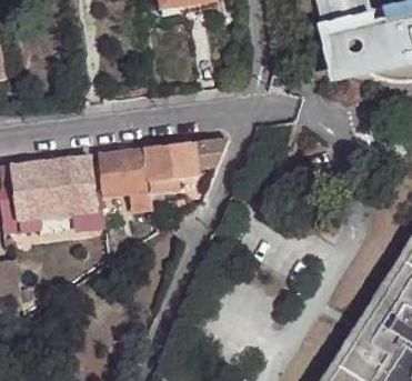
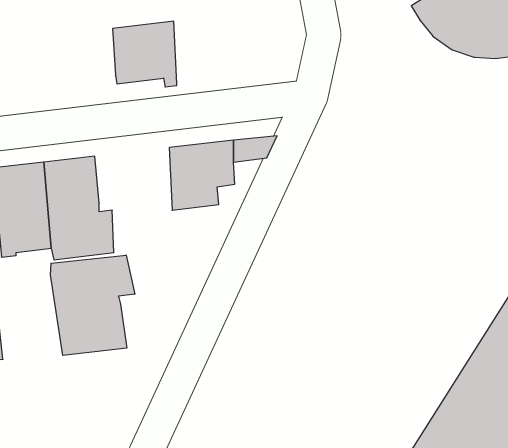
building: [97,149,145,199] -> [113,21,177,87]
building: none -> [50,255,135,355]

